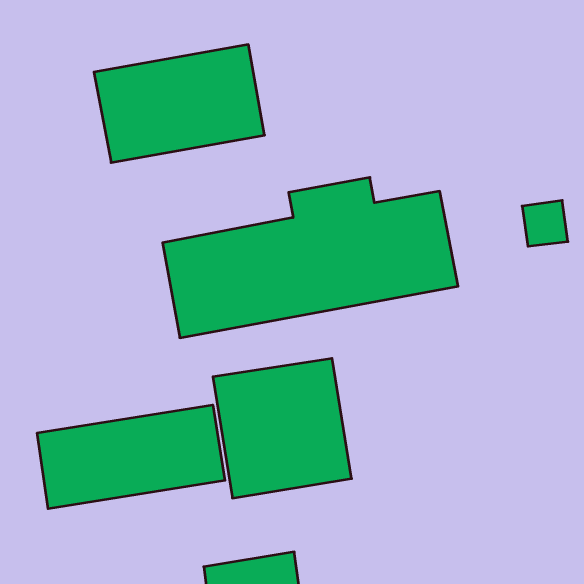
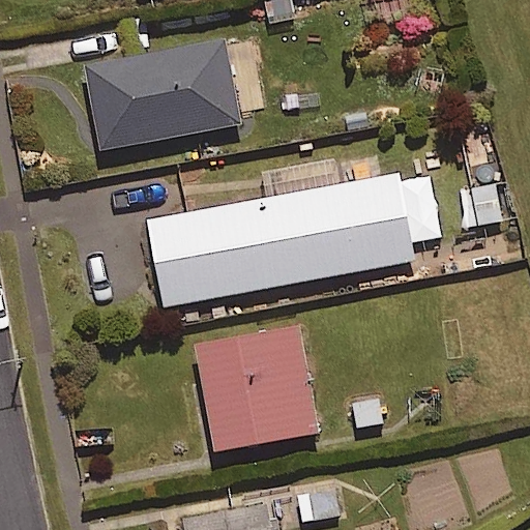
building: [37,405,225,509] -> none

